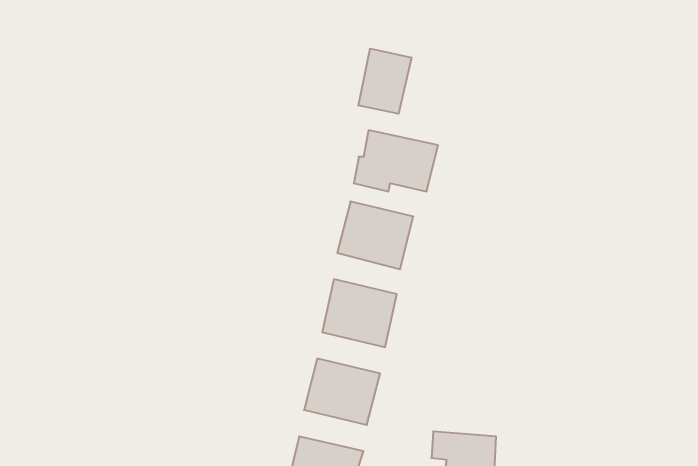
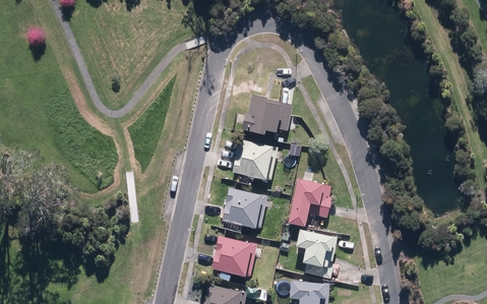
building: [359,49,411,114] -> none
building: none -> [288,179,331,226]
building: none -> [295,229,337,279]

